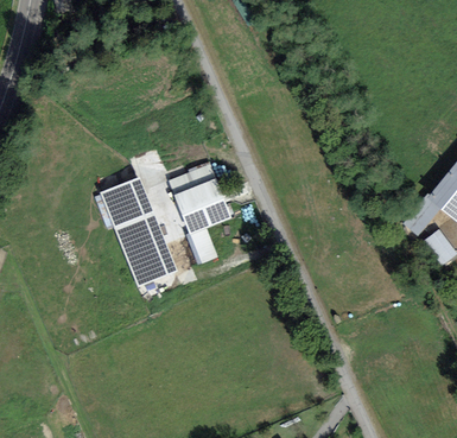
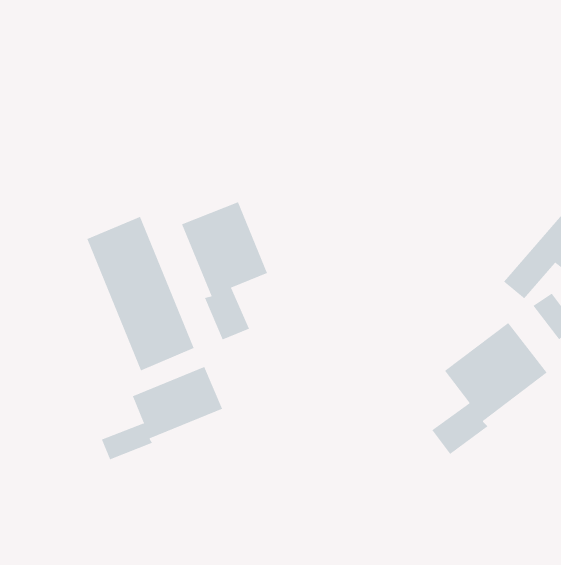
building: none -> [431,322,547,455]
building: none -> [101,366,223,460]

